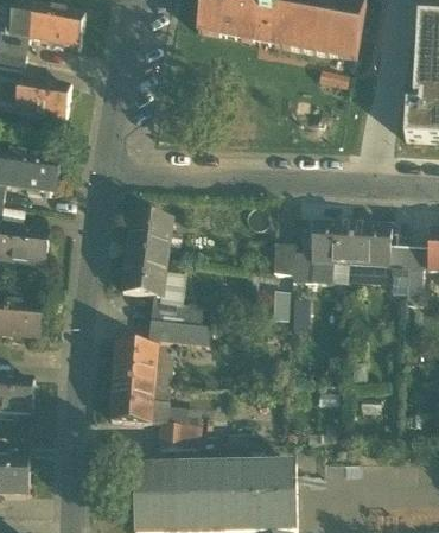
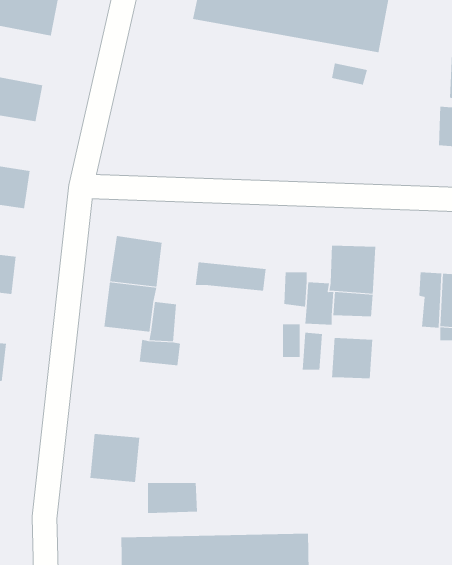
building: [350,222,390,264] -> none
building: none -> [332,337,373,379]
building: [149,319,210,344] -> [195,262,267,291]
building: [114,343,157,383] -> none

